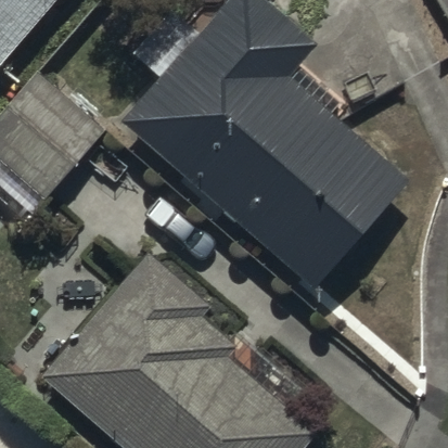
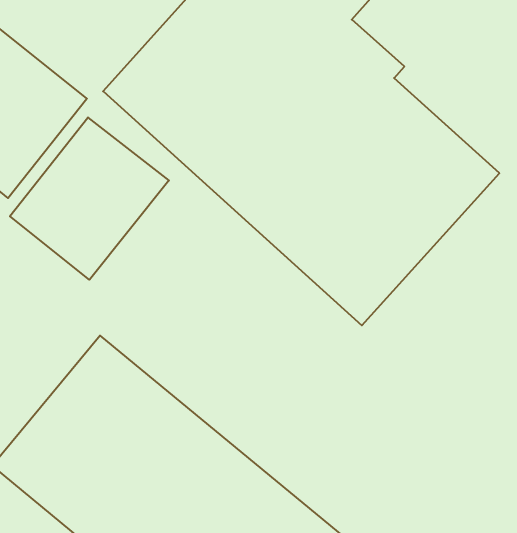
building: none -> [10,117,169,280]

